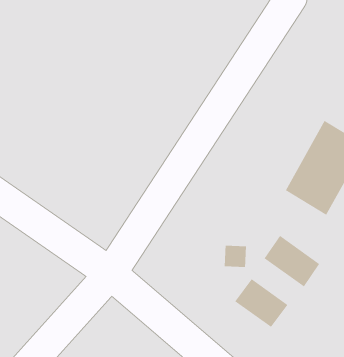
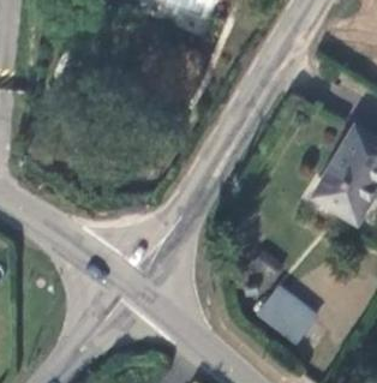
building: [264,235,320,288] -> none

